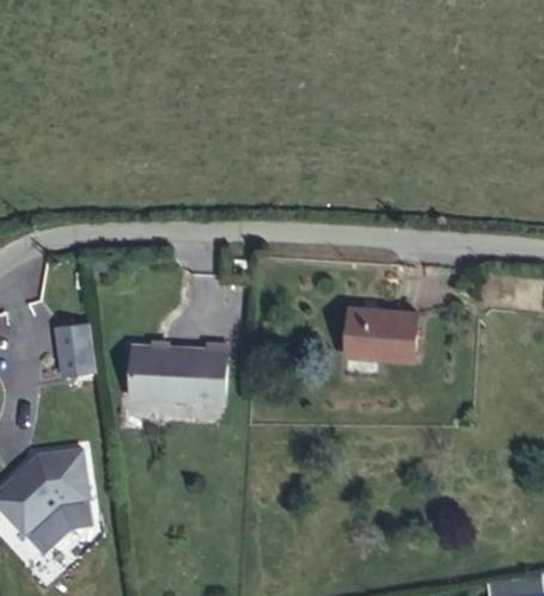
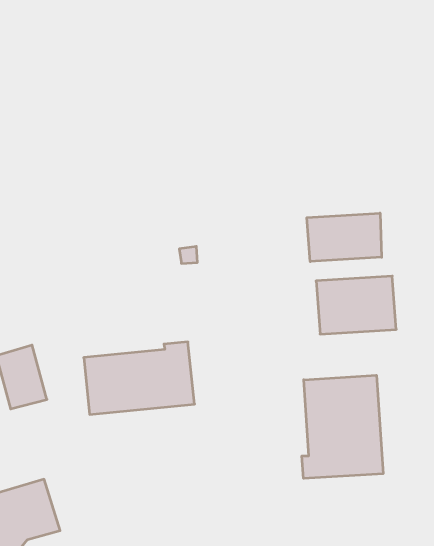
building: none -> [307,213,382,262]
building: none -> [302,375,383,478]

